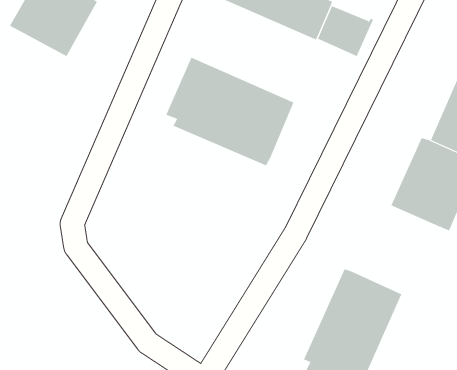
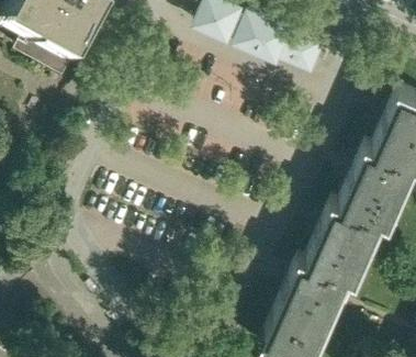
building: [165,57,294,166] -> none
building: none -> [306,202,382,282]

